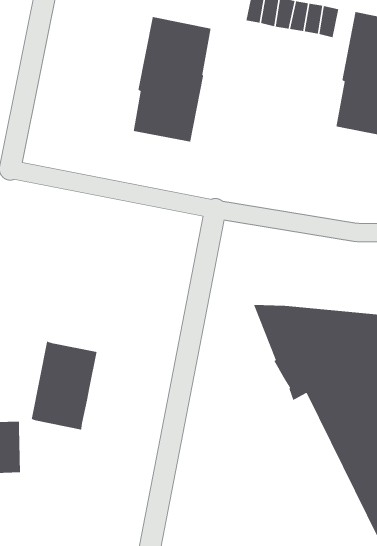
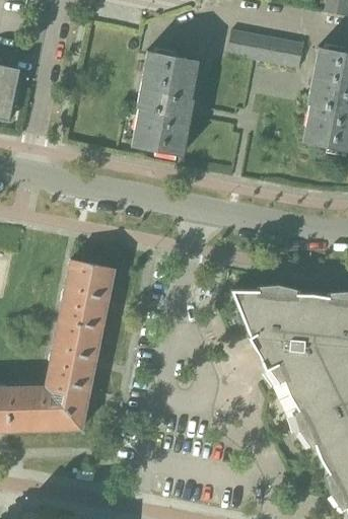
building: none -> [60,261,115,329]
building: none -> [38,386,89,431]

